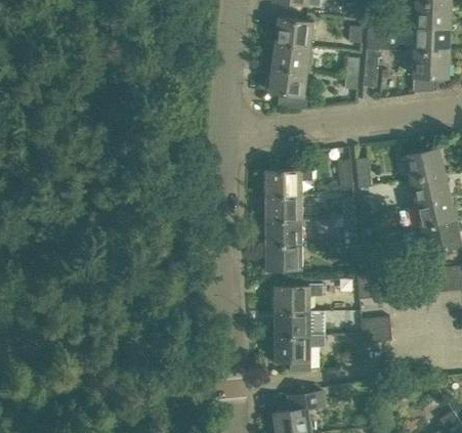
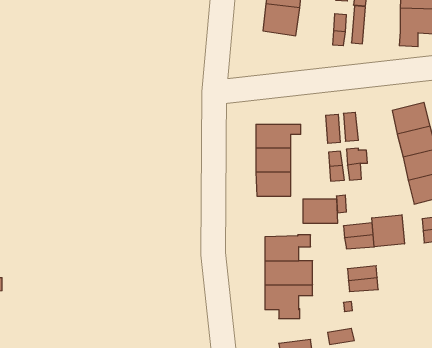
building: [266,75,308,109] -> none
building: [266,245,302,269] -> [303,199,338,223]
building: none -> [372,215,404,247]

